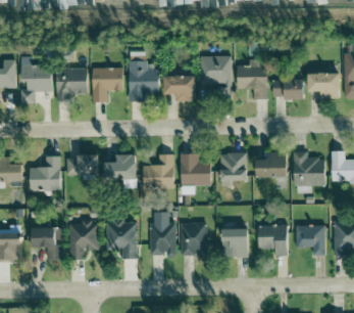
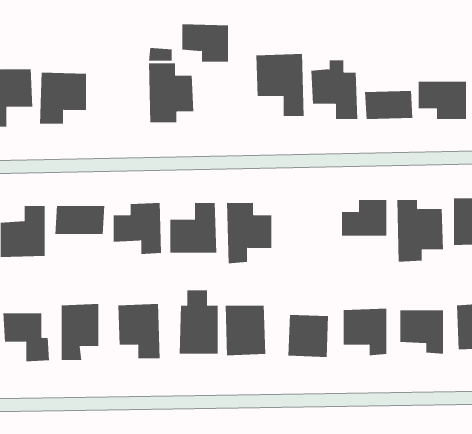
building: [92,66,123,101] -> none
building: [164,75,196,100] -> [181,24,229,62]
building: [220,151,247,186] -> none

